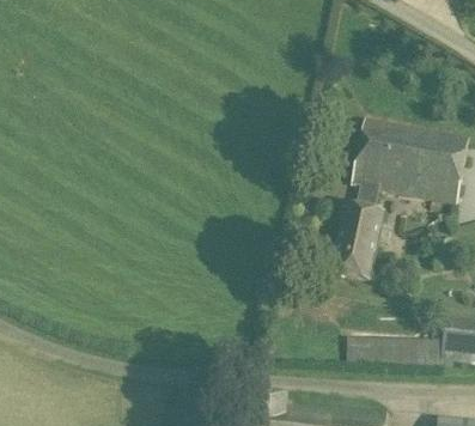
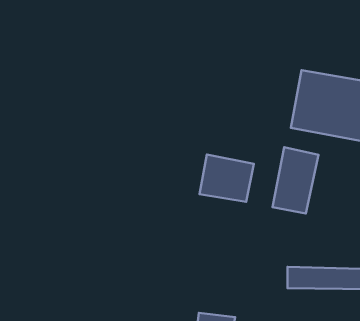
building: none -> [200,154,254,202]

